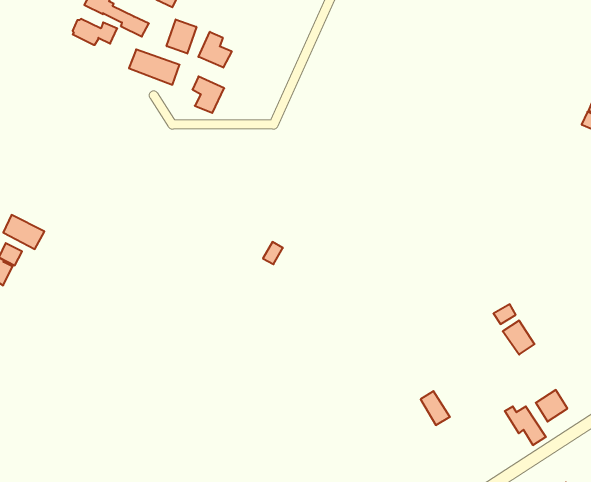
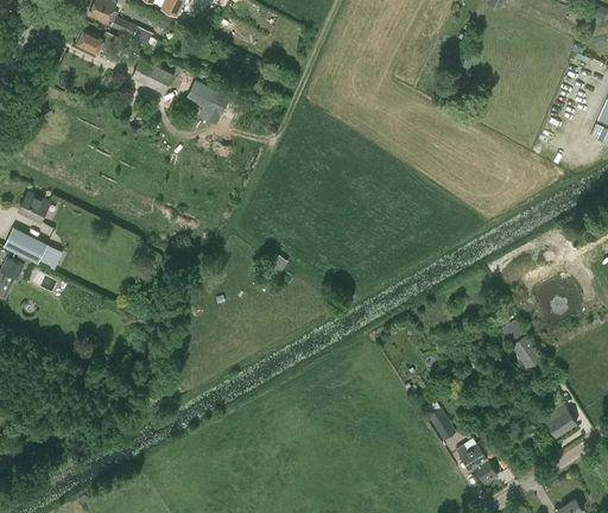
building: [167,19,196,54] -> none
building: [198,32,232,68] -> none
building: none -> [18,191,50,222]
building: [505,406,546,445] -> [455,444,496,483]

